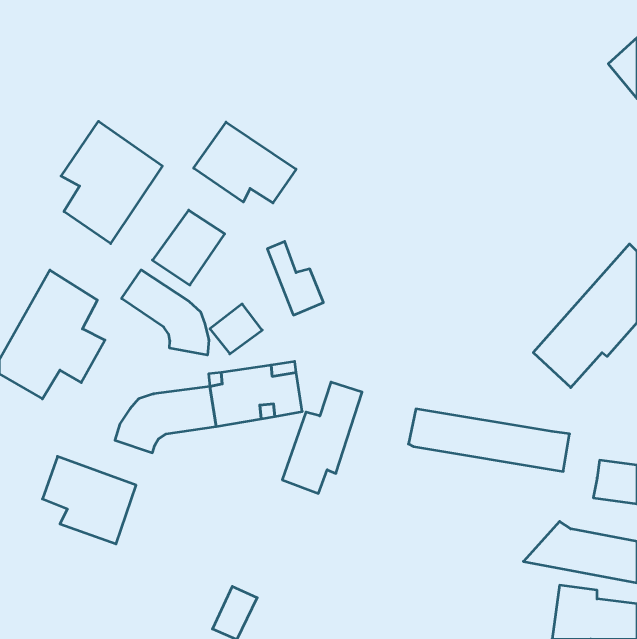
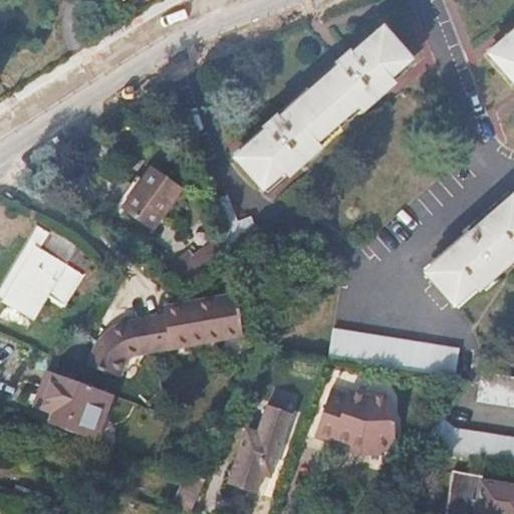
building: none -> [236,27,412,189]
building: [61,121,162,244] -> none
building: [194,122,296,203] -> none
building: [122,270,209,355] -> none
building: [282,382,362,493] -> [231,403,295,492]
building: none -> [318,389,402,455]

